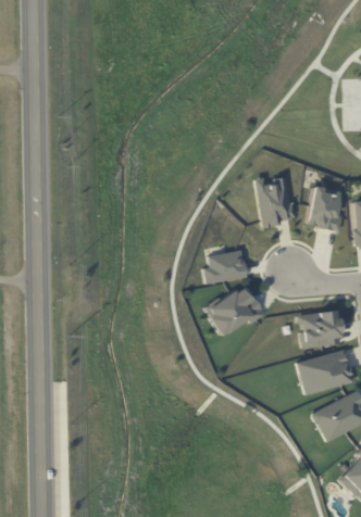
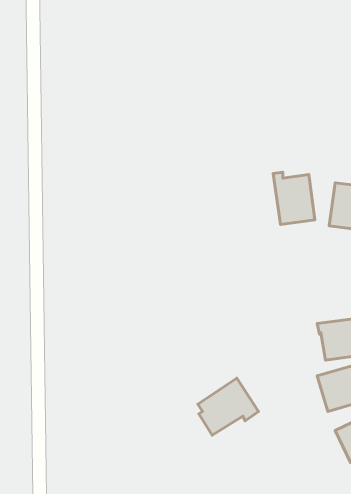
building: [204,250,248,285] -> none
building: [209,285,264,337] -> [198,378,258,435]

